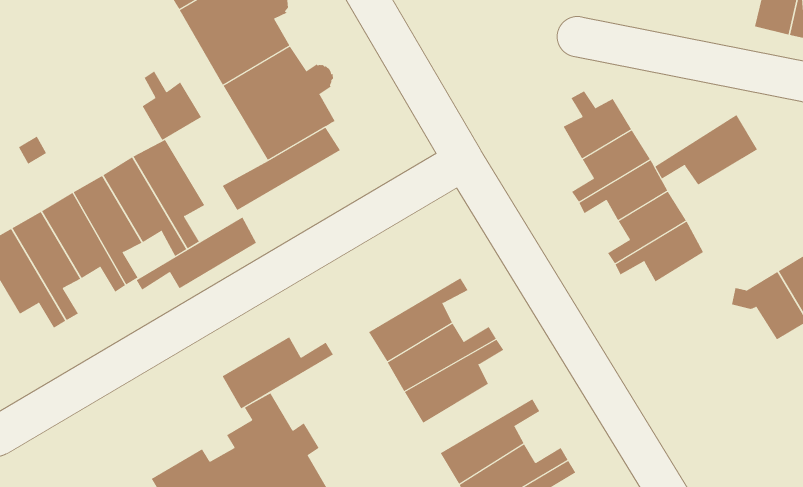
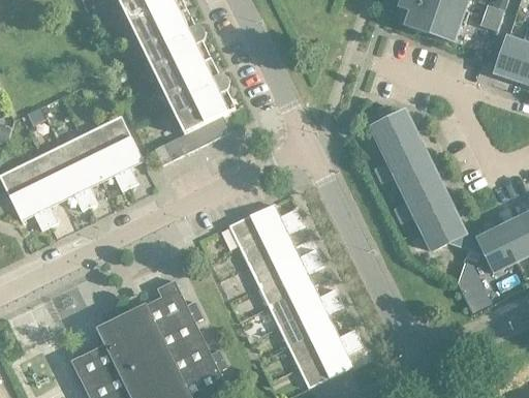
building: [142,70,202,141] -> none
building: [655,114,758,186] -> none
building: [136,217,257,291] -> none
building: none -> [422,212,471,249]
building: none -> [457,257,494,310]
building: [222,337,334,409] -> [228,203,300,246]
building: none -> [269,284,339,326]

